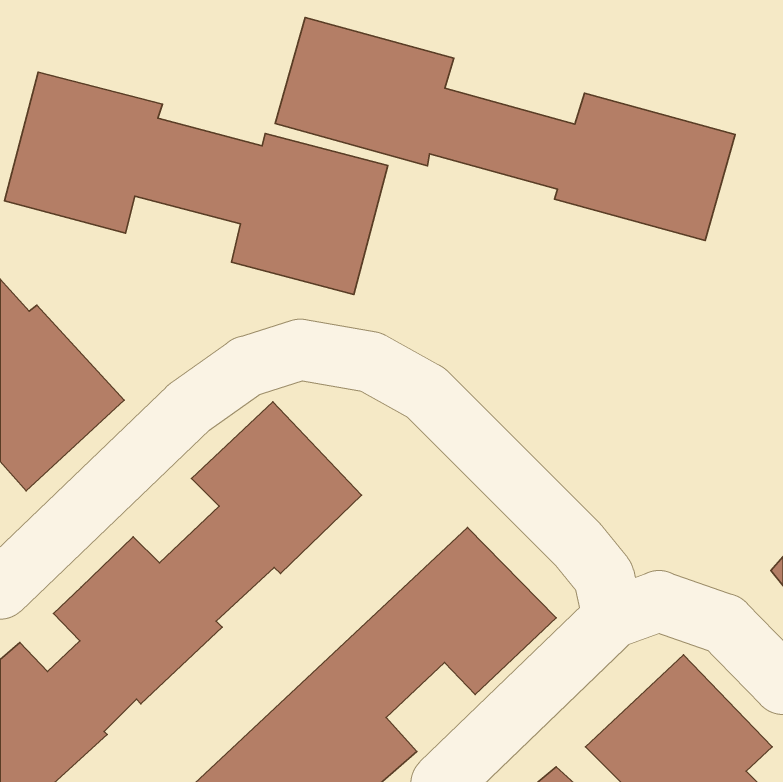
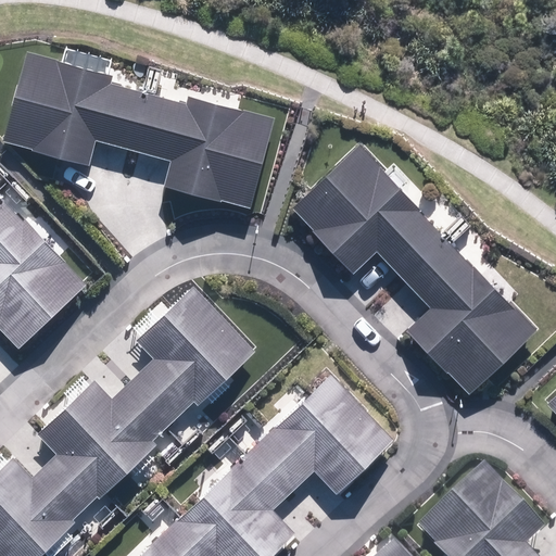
building: [275,17,735,241] -> none
building: none -> [291,144,538,395]

